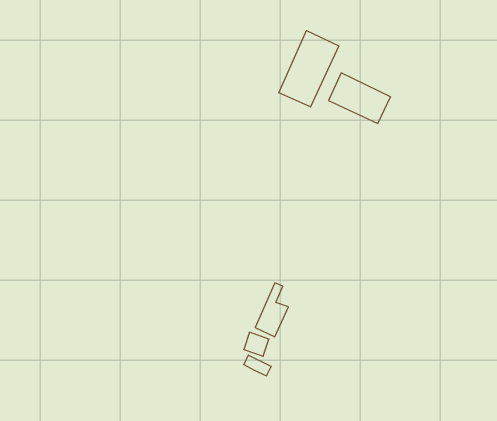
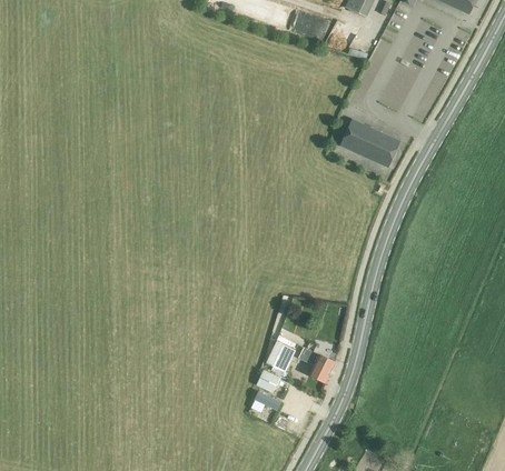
building: [279,31,339,107] -> none
building: none -> [304,350,336,383]

